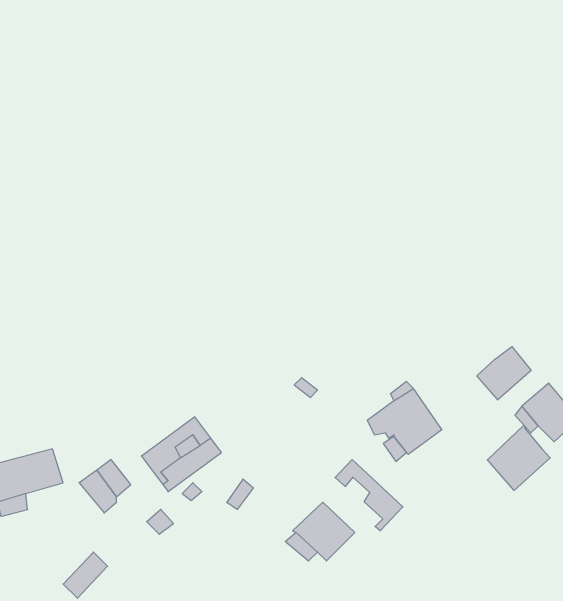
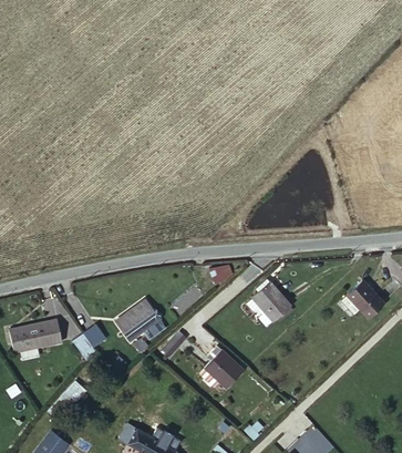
building: [477,347,531,400] -> none
building: [487,425,550,490] -> none
building: [335,460,403,531] -> none

